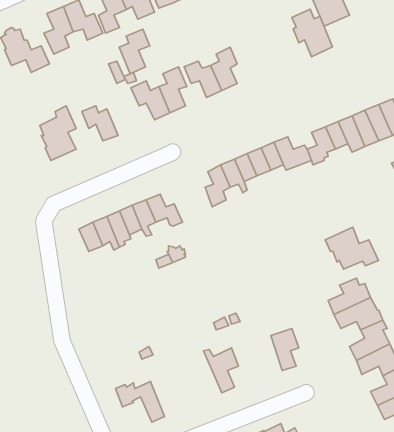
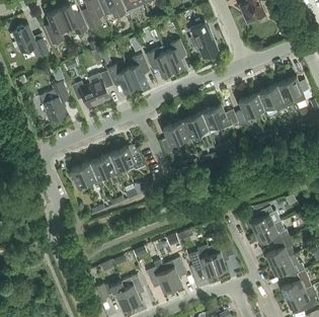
building: [292,9,332,57] -> [188,22,218,57]
building: [119,29,150,74] -> [90,69,112,101]
building: [325,227,378,269] -> none
building: none -> [189,243,217,275]
building: none -> [147,257,173,292]
building: none -> [122,273,144,305]

